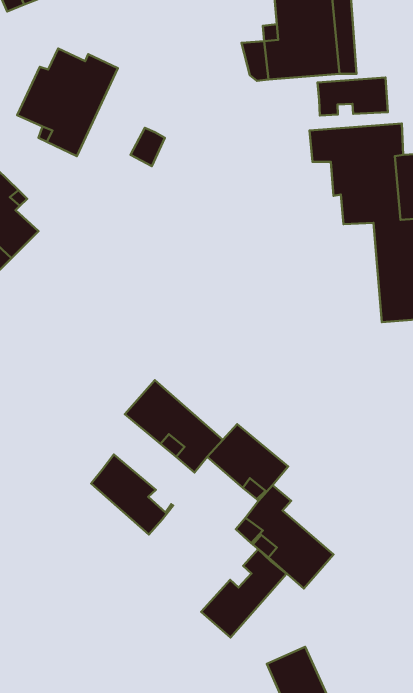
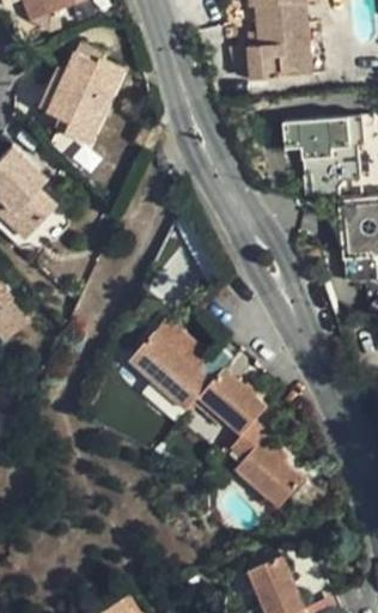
building: [318,78,388,115] -> none
building: [91,455,173,535] -> none
building: [201,549,286,638] -> none

